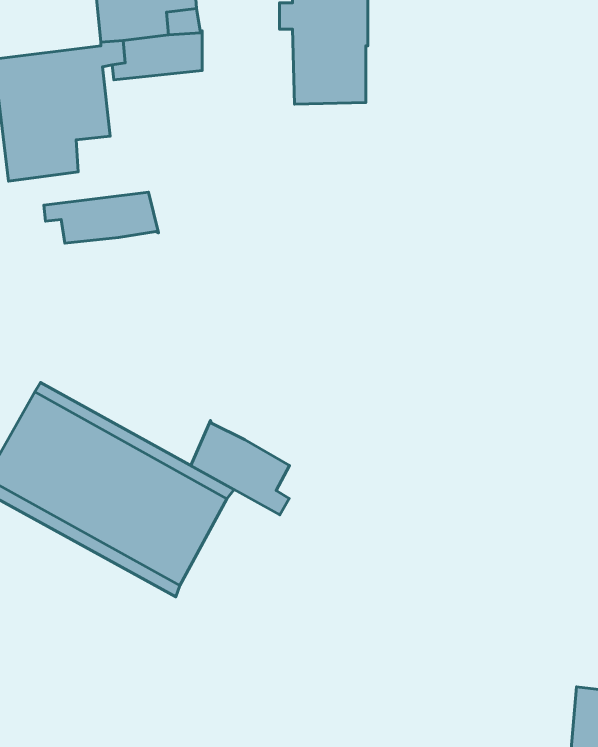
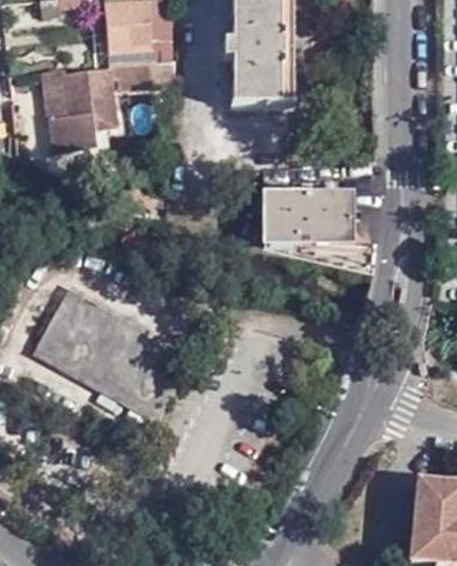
building: [44,192,159,243] -> none
building: none -> [265,193,353,243]
building: [191,420,289,515] -> none

